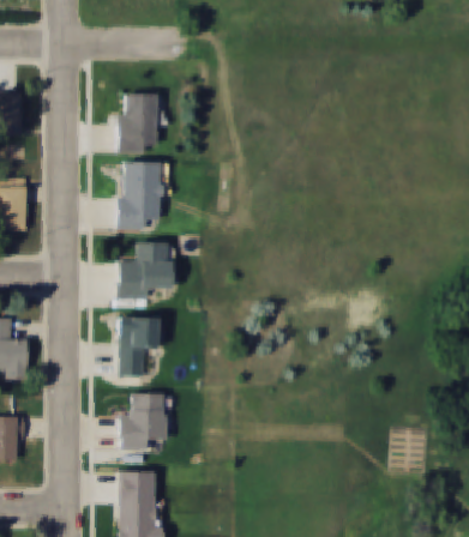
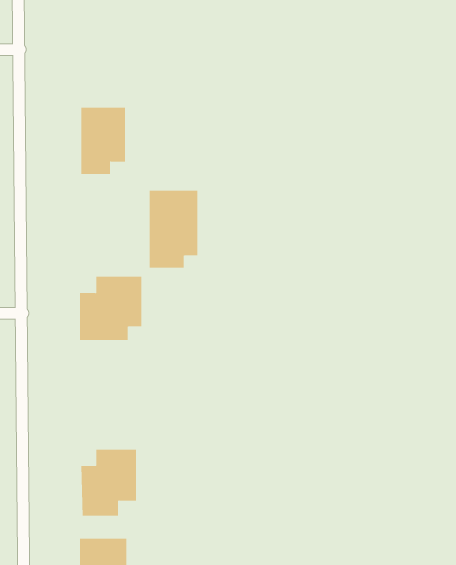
building: [118,162,161,230] -> [149,190,198,268]
building: [116,316,157,379] -> none

